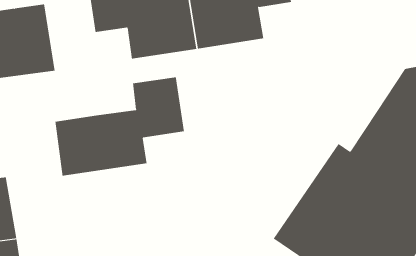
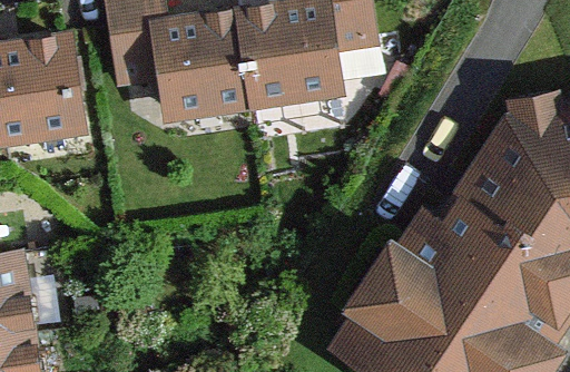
building: [55,77,185,177] -> none

